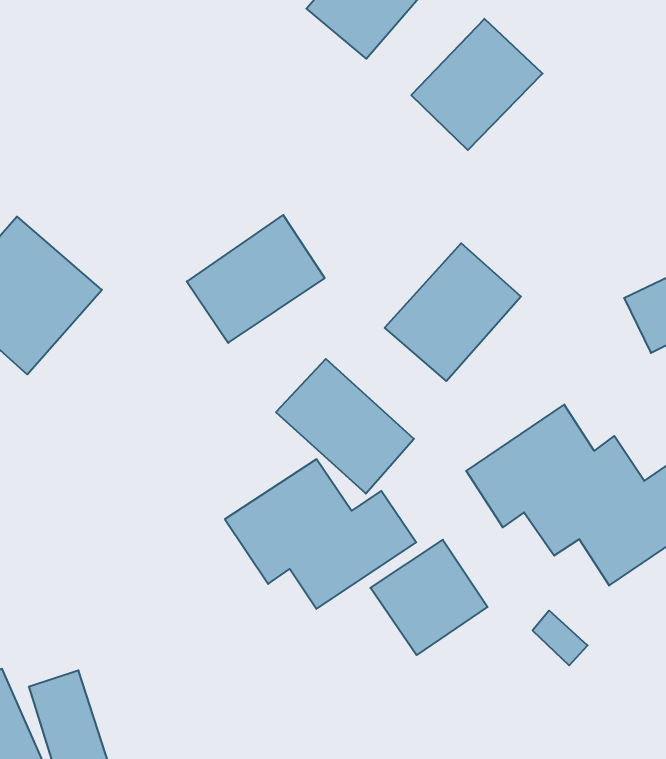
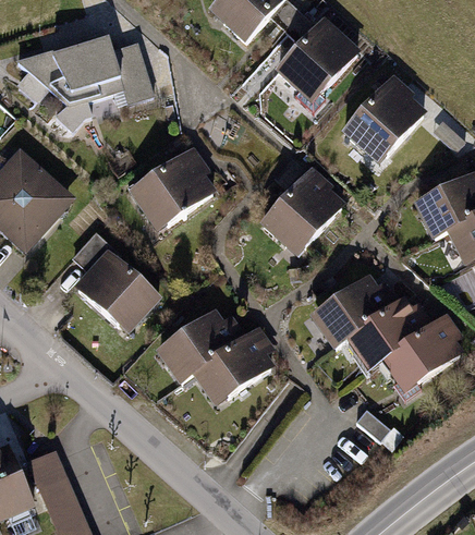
building: none -> [12,33,151,121]
building: none -> [344,78,430,167]
building: [276,359,414,494] -> [70,246,160,335]
building: [370,540,488,655] -> none

